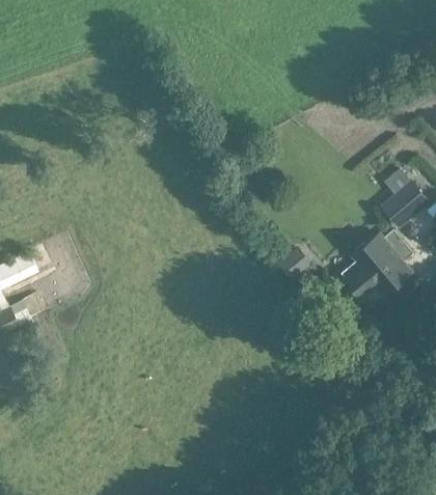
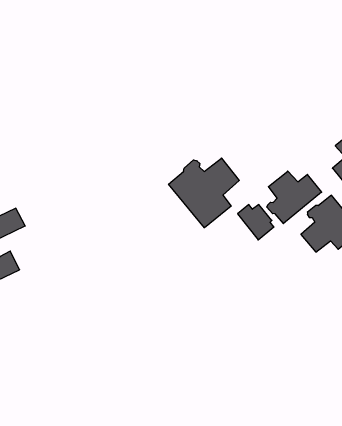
building: none -> [169,158,239,228]
building: none -> [267,171,322,224]

